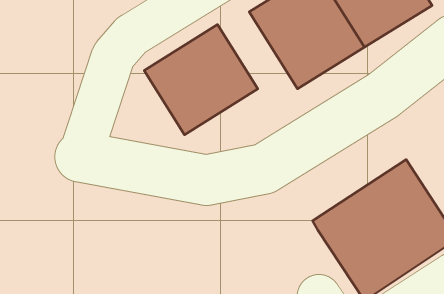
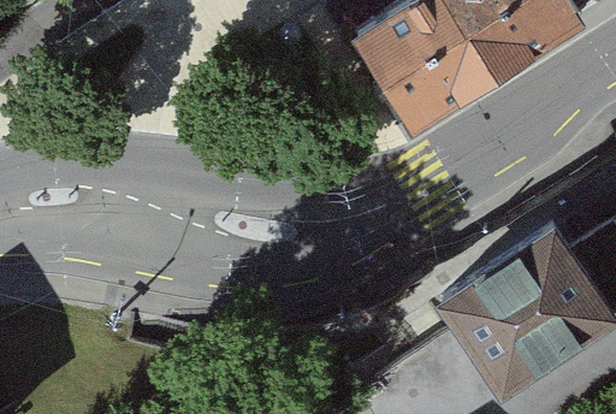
building: [144,24,258,135] -> none

